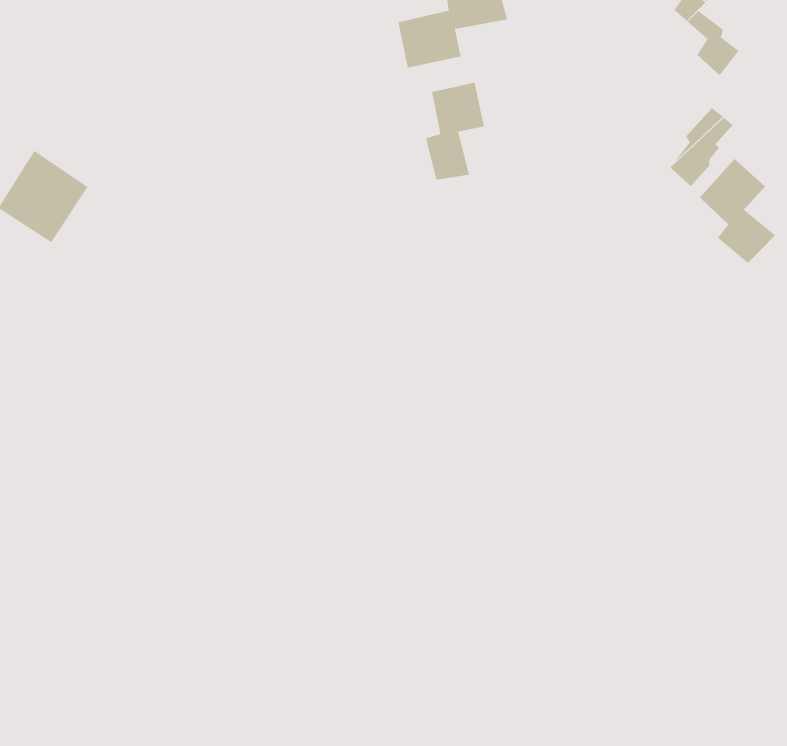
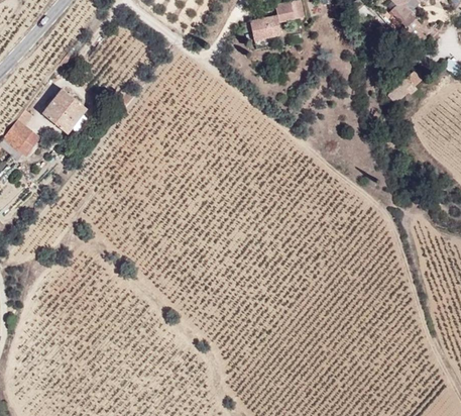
building: [425,82,485,181] -> none
building: [699,158,776,264] -> none

